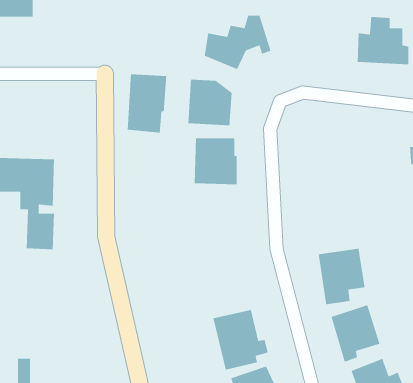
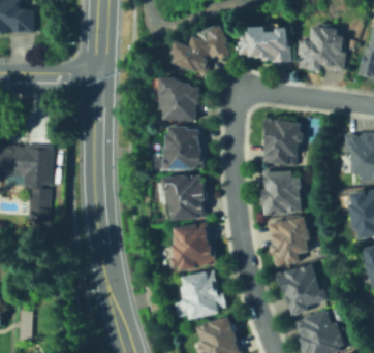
building: none -> [242,24,290,63]
building: [127,74,167,133] -> none
building: none -> [262,118,304,164]
building: none -> [262,172,299,212]
building: none -> [166,176,202,220]
building: none -> [172,224,213,269]

